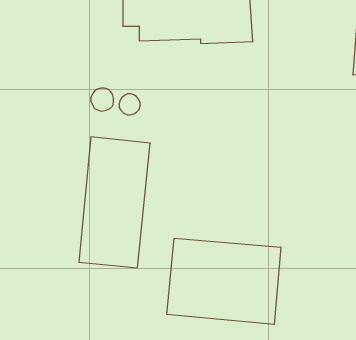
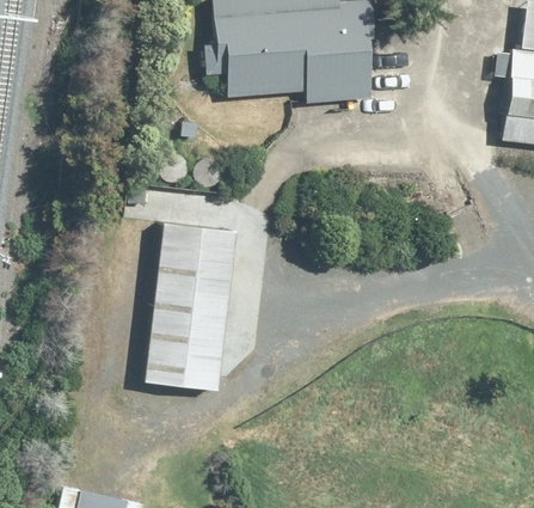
building: [167,238,281,325] -> none

